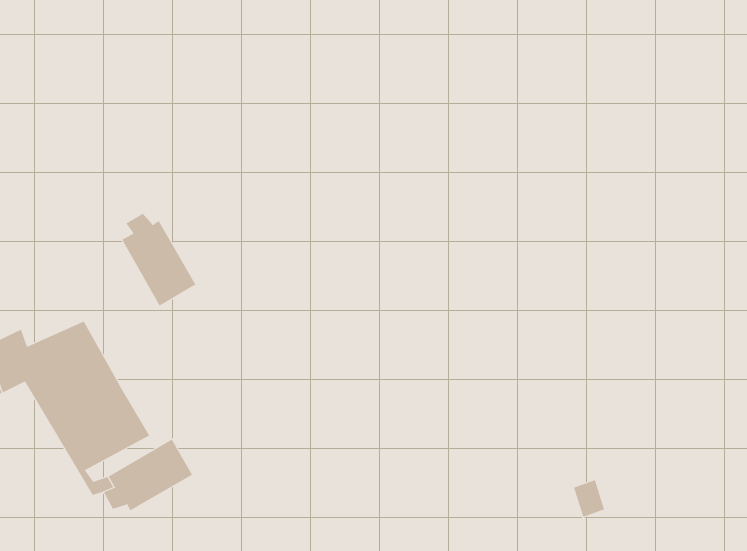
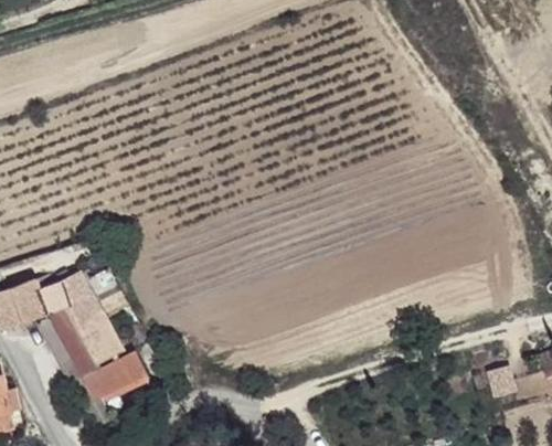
building: [122,213,196,306] -> none

